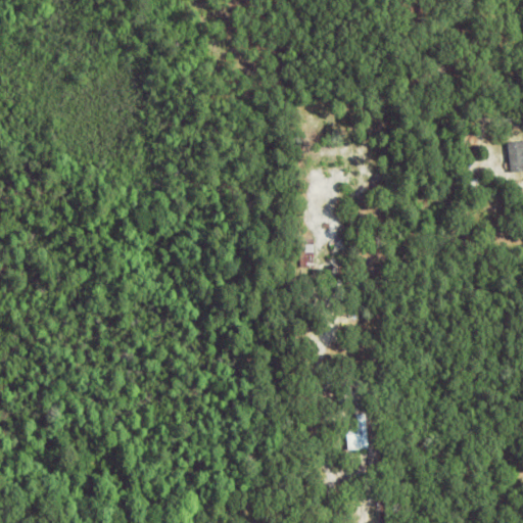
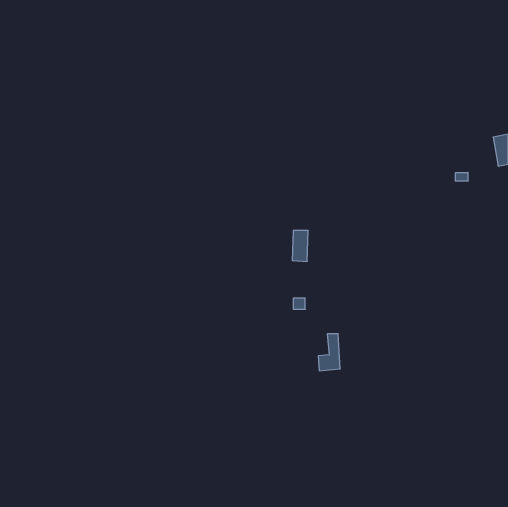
building: [347,414,370,451] -> [318,334,340,371]

